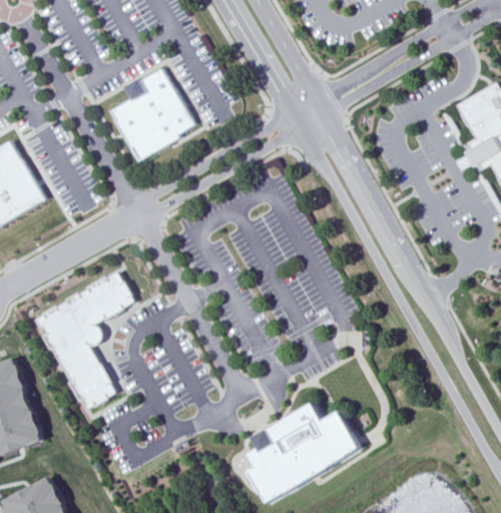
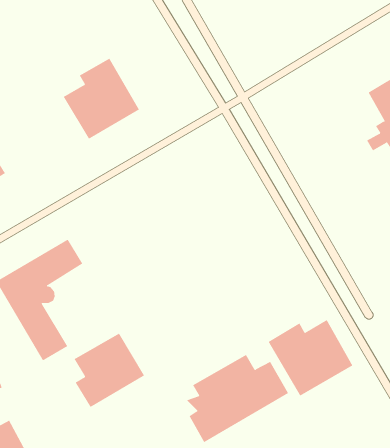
building: none -> [268,319,353,397]
building: none -> [74,333,145,408]

